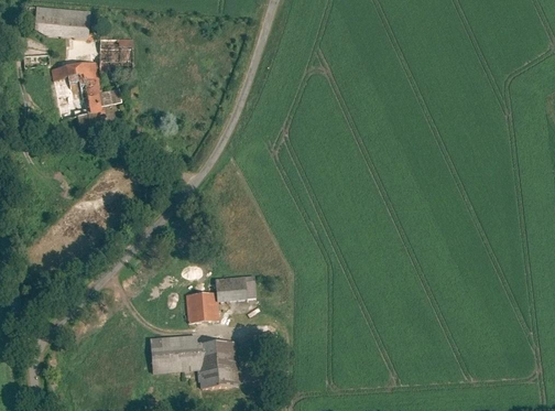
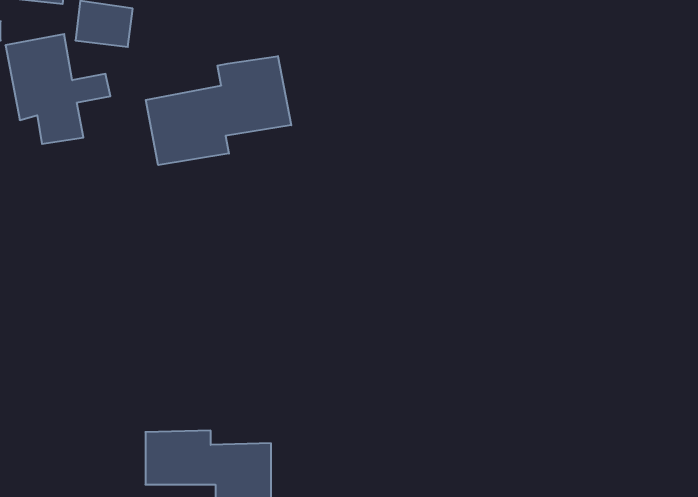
building: none -> [146,56,291,165]
building: [191,281,248,323] -> none

